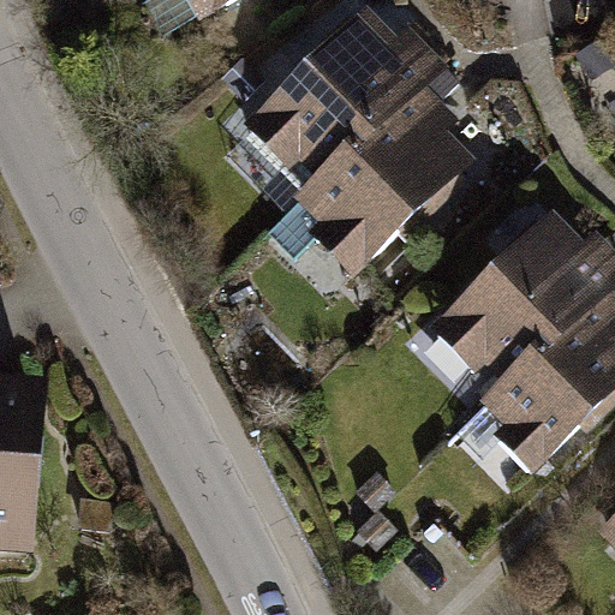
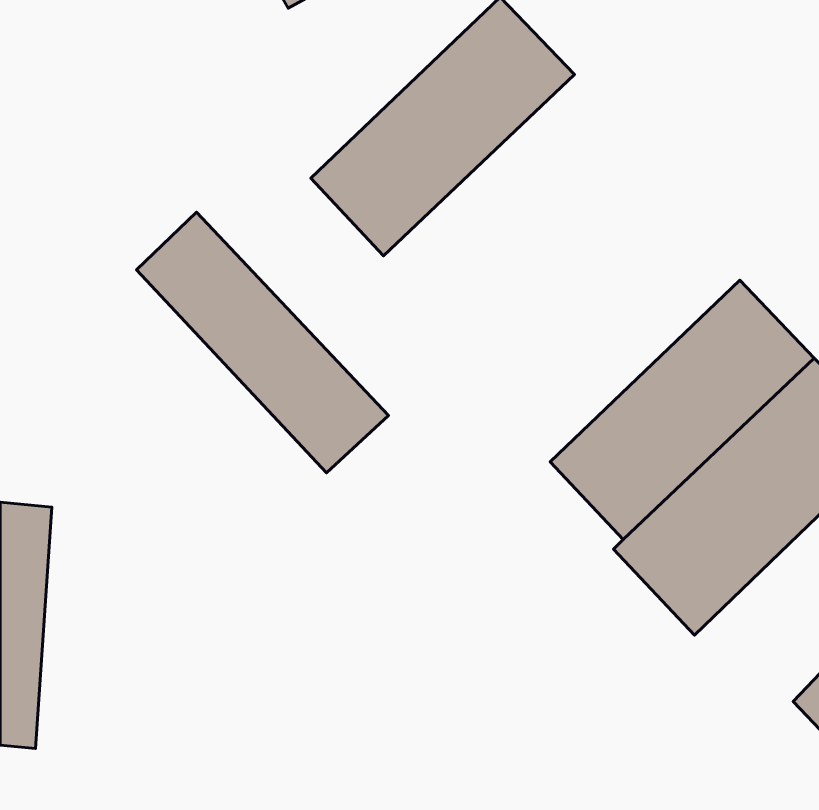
building: [282,55,494,261] -> none
building: none -> [136,212,388,473]

